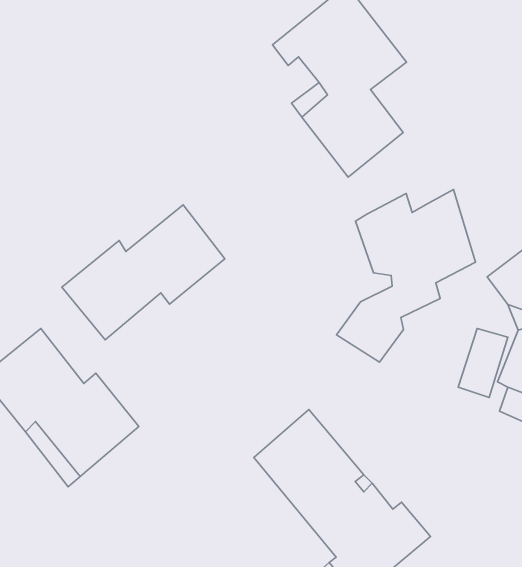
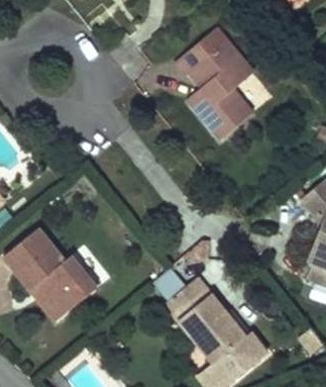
building: [336,190,475,362] -> none
building: [62,205,225,340] -> none

